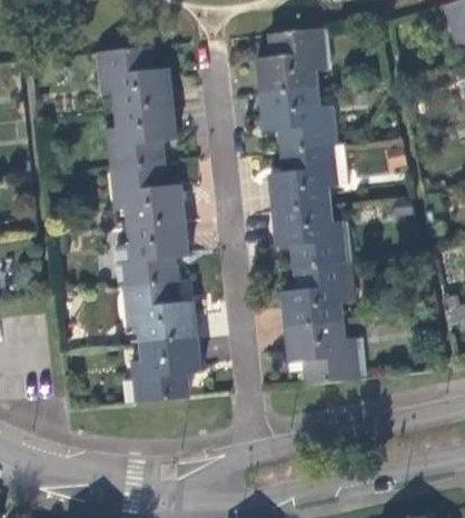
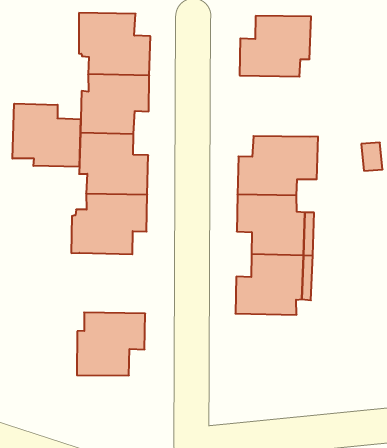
building: [259,89,334,151] -> none
building: none -> [12,104,80,167]
building: [125,278,195,339] -> none
building: [281,318,354,382] -> none

